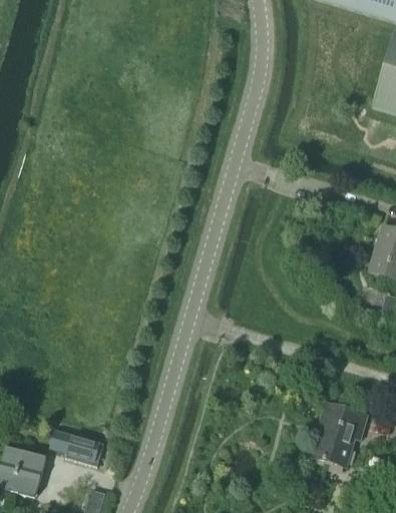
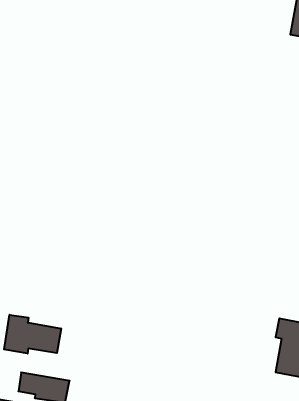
building: none -> [4,315,61,354]

